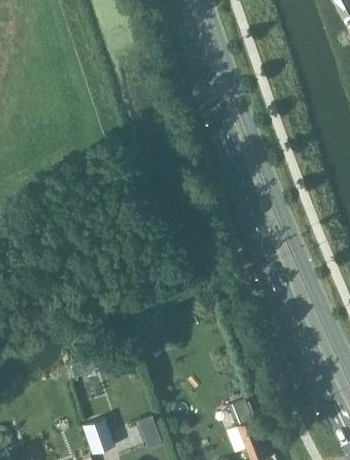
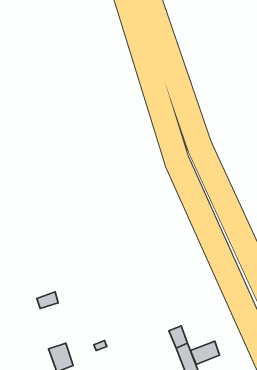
building: none -> [190,341,219,364]

